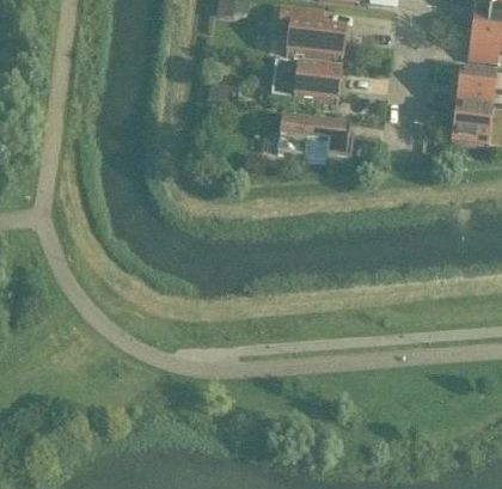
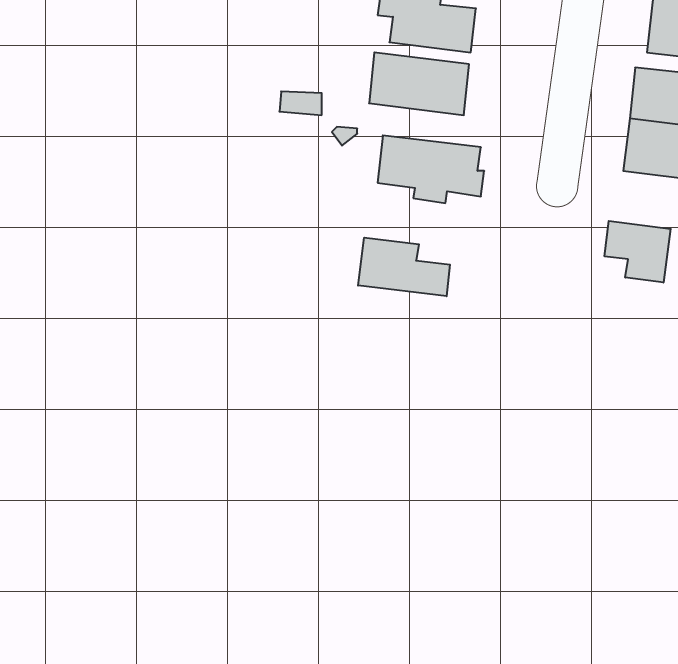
building: none -> [605,221,671,283]
building: none -> [358,238,450,296]

